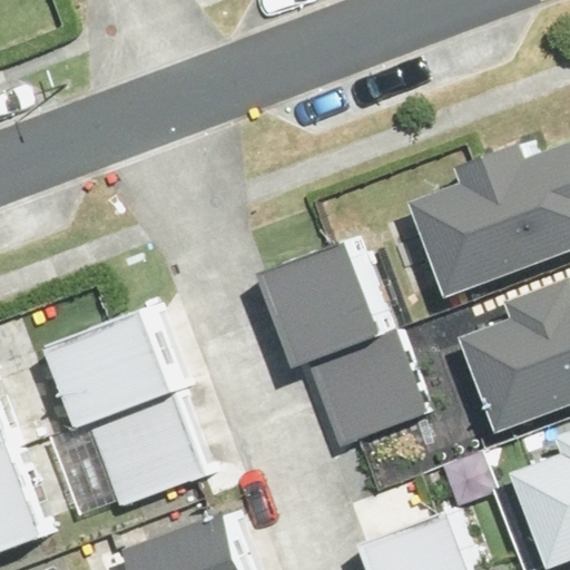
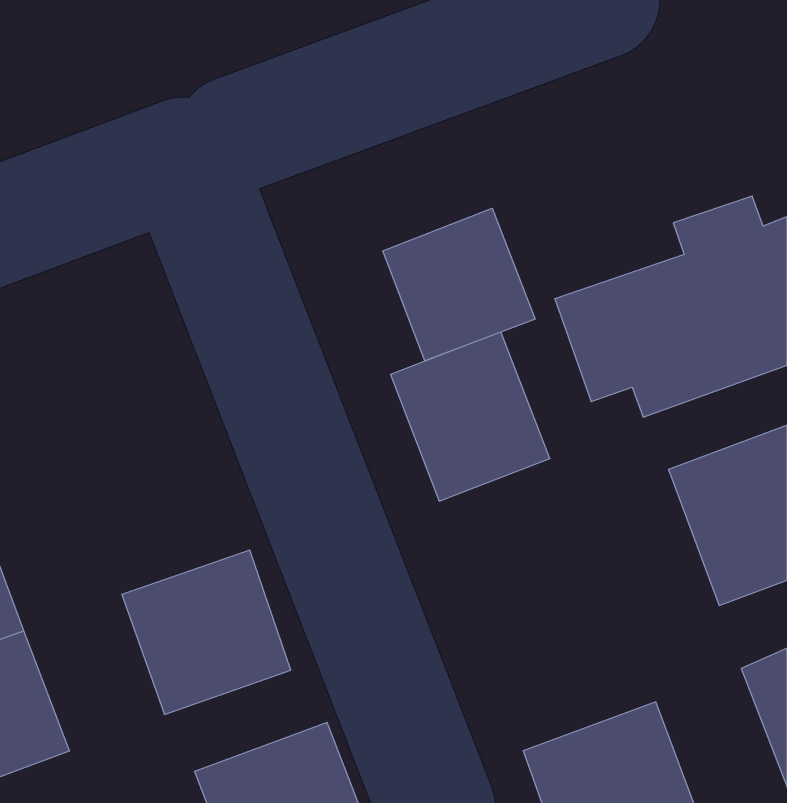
building: none -> [383,208,535,361]
building: [55,297,185,422] -> none
building: [309,326,423,445] -> none

